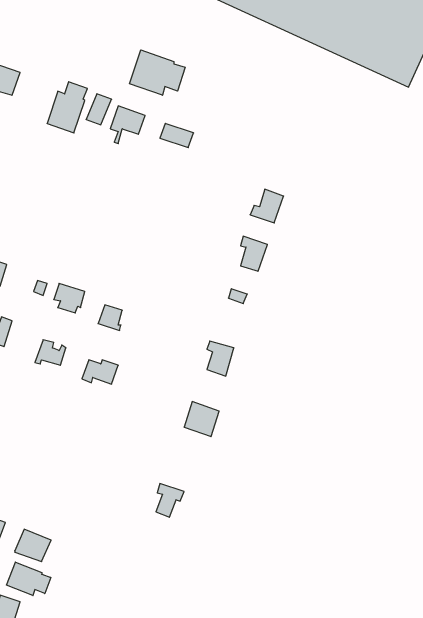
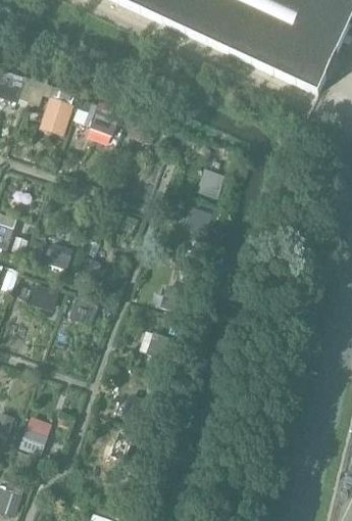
building: [129,50,185,95] -> none
building: [7,562,51,596] -> none

